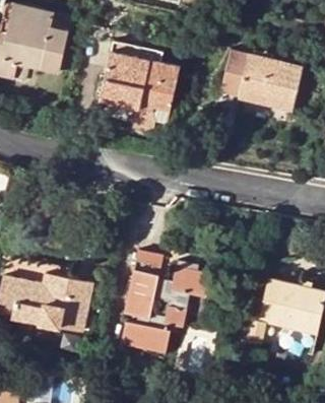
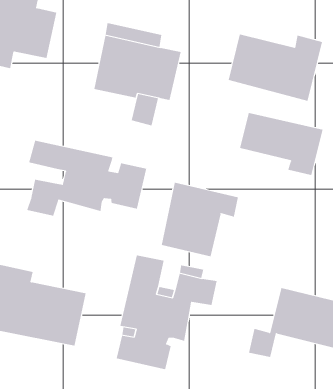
building: none -> [239,112,323,176]
building: none -> [26,140,147,217]
building: none -> [161,182,239,257]

